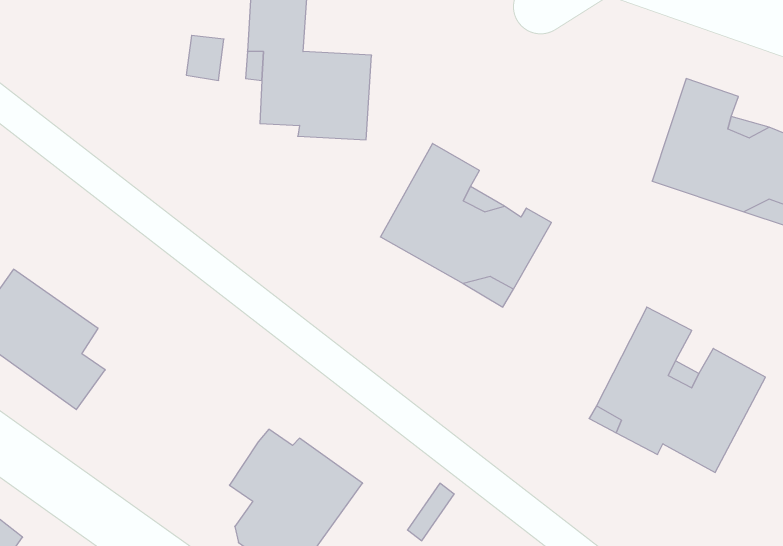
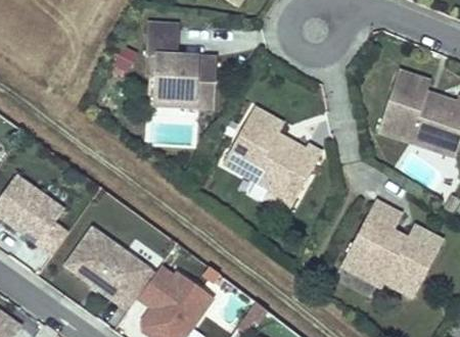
building: none -> [65,229,154,310]

